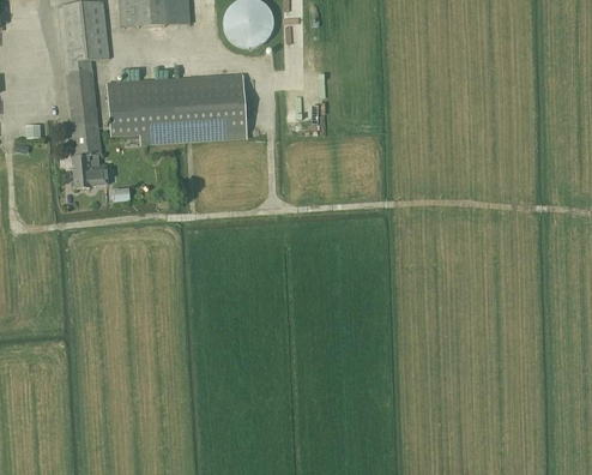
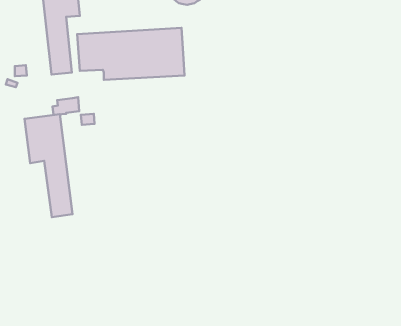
building: [71,133,101,178] -> none
building: none -> [24,114,72,217]

